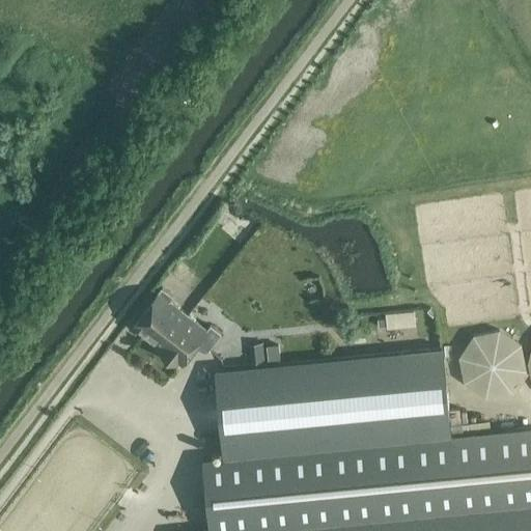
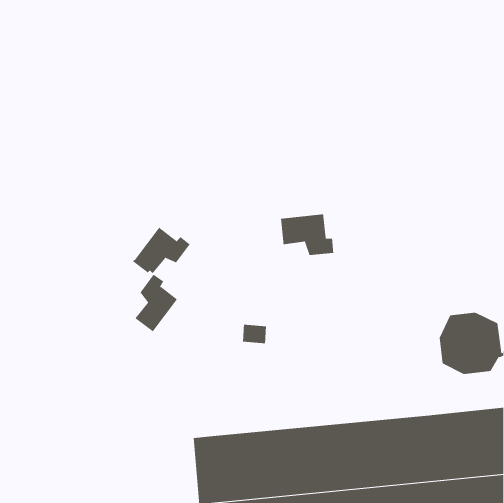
building: none -> [281,213,334,256]
building: [159,316,220,366] -> [132,227,190,274]
building: [214,352,450,459] -> none

